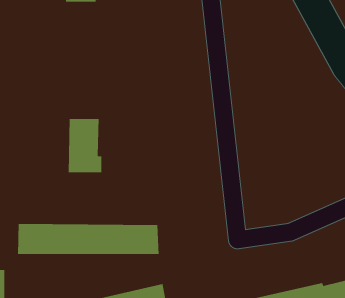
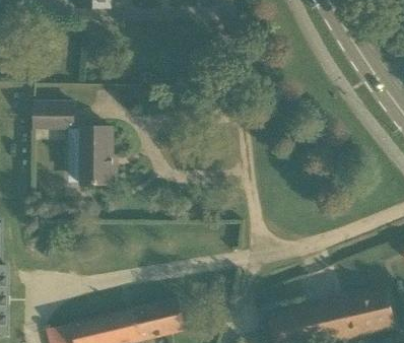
building: none -> [33,100,72,128]
building: [17,223,159,255] -> none

